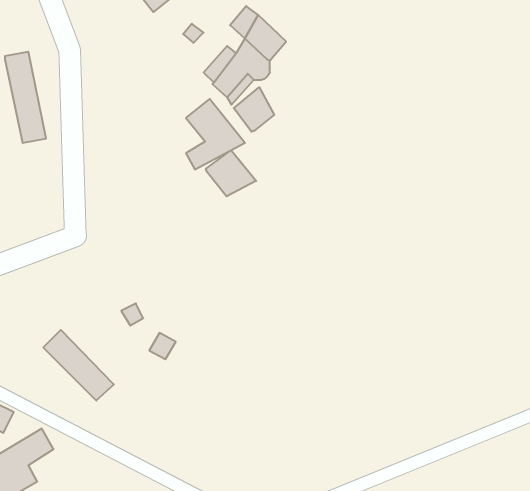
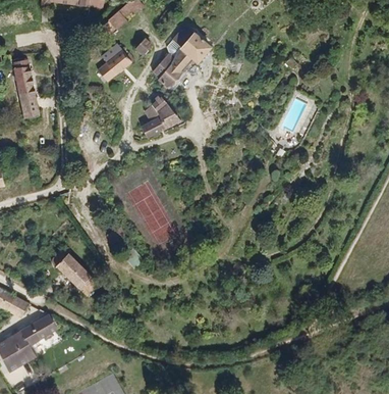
building: none -> [99,42,135,80]
building: [234,87,274,132] -> none
building: [206,150,256,196] -> none

